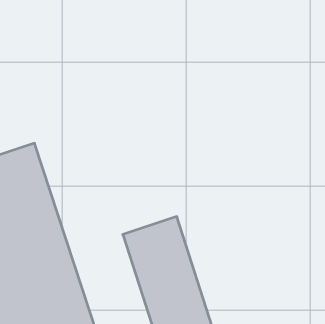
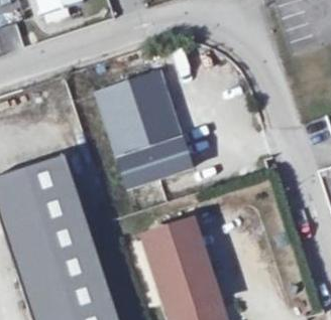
building: none -> [98,70,191,184]

